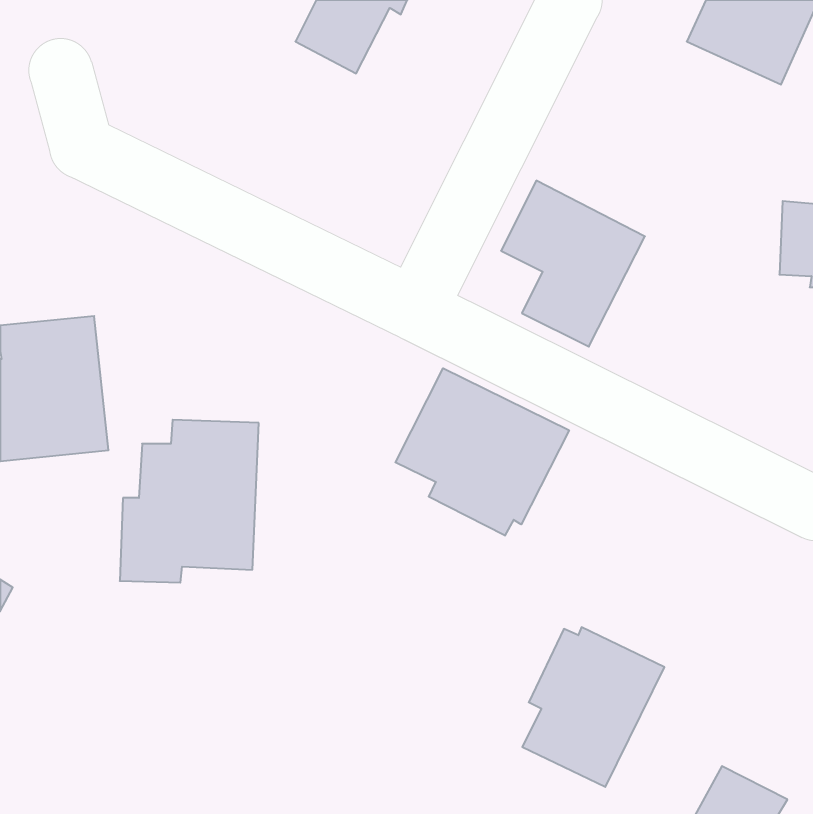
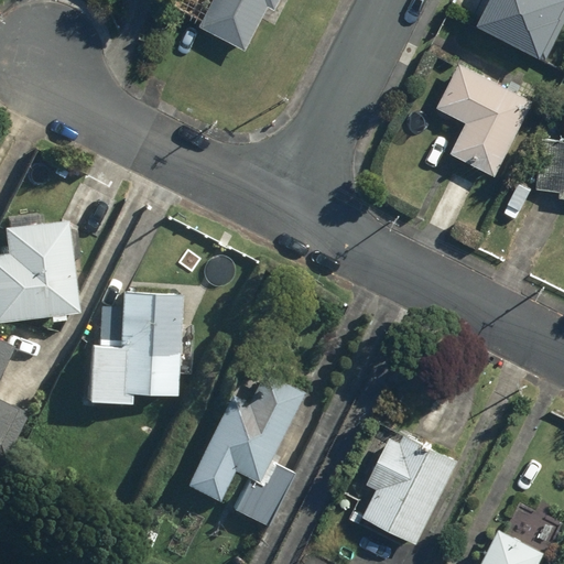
building: [501,181,645,347] -> [436,63,535,177]
building: [395,368,569,536] -> none
building: none -> [181,371,304,525]

